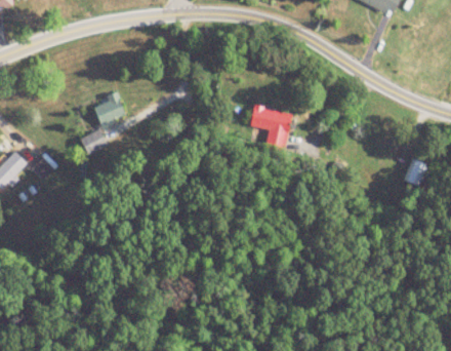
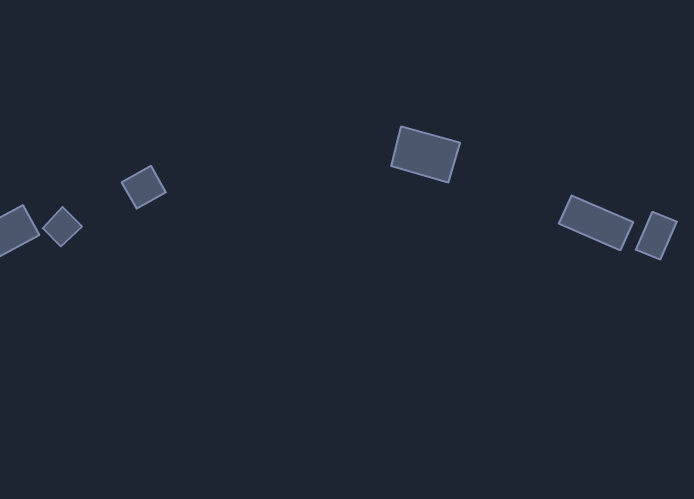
building: [93,93,126,125] -> none
building: none -> [559,195,633,250]

